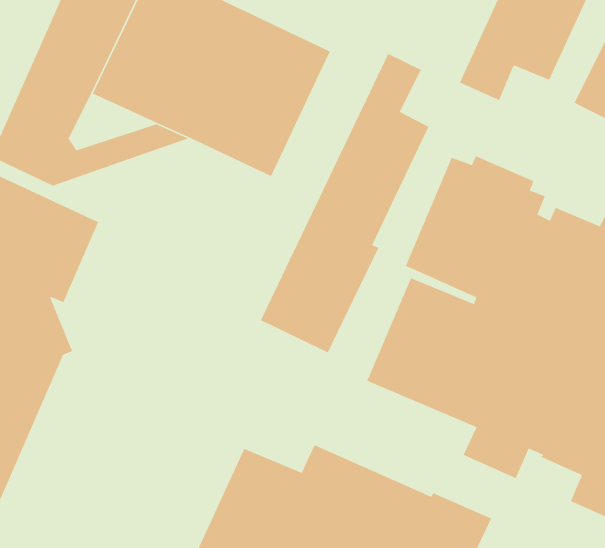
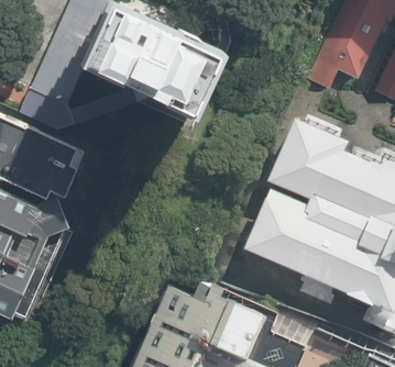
building: [260,53,429,353] -> none

